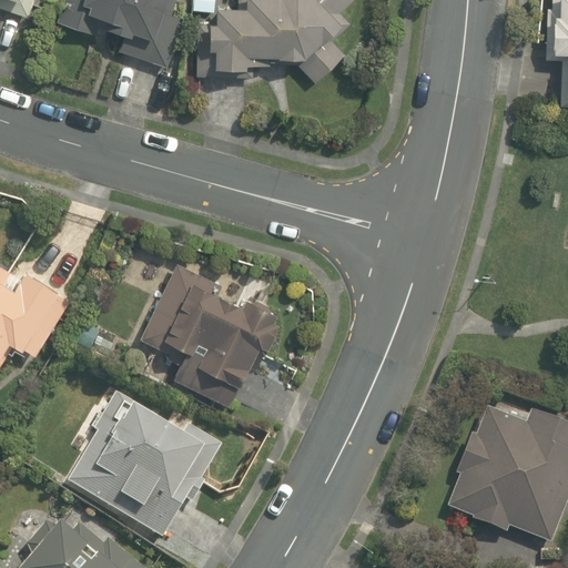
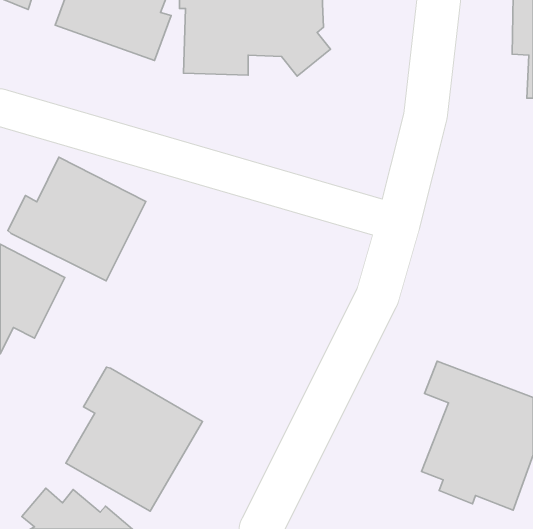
building: none -> [8,157,146,281]
building: [140,258,284,414] -> none

